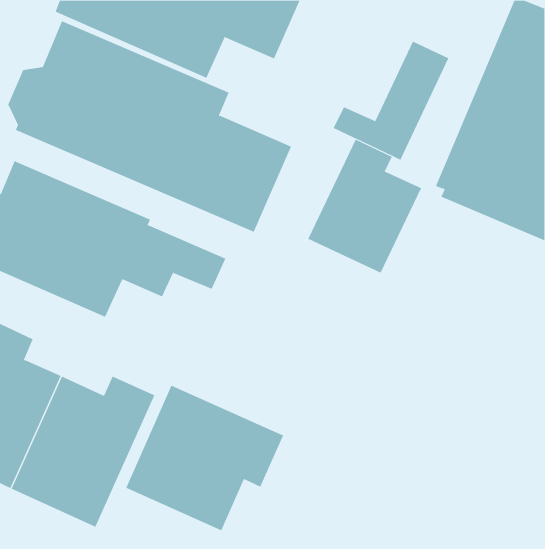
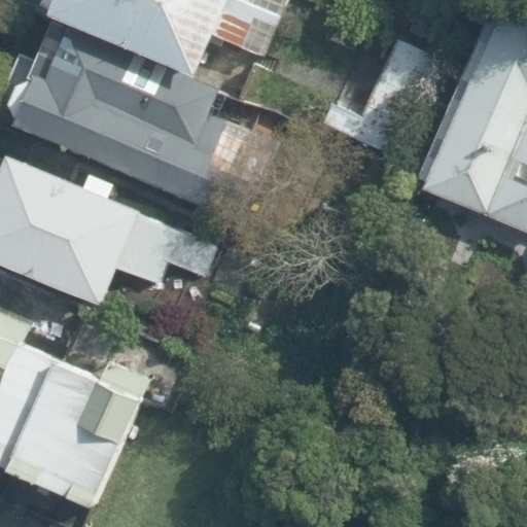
building: [308,139,422,274] -> none
building: [125,385,284,531] -> none

